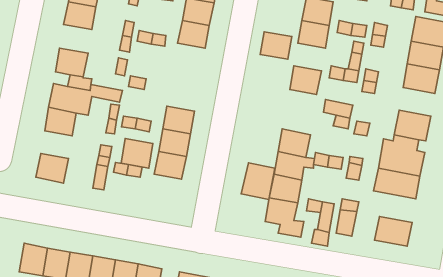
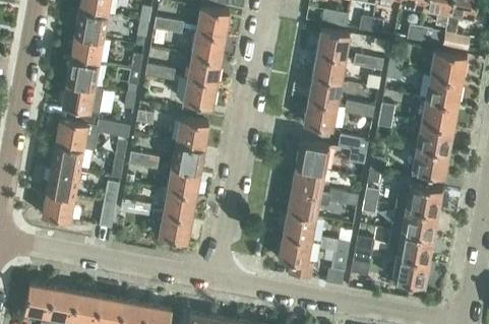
building: none -> [65,59,99,88]
building: [260,32,292,59] -> [307,78,340,107]
building: none -> [183,78,216,109]
building: none -> [176,120,208,148]
building: none -> [416,124,452,153]
building: none -> [295,142,328,173]
building: none -> [46,169,78,197]
building: [121,138,153,168] -> [159,213,191,244]
building: [241,163,275,199] -> none
building: none -> [385,231,433,263]

